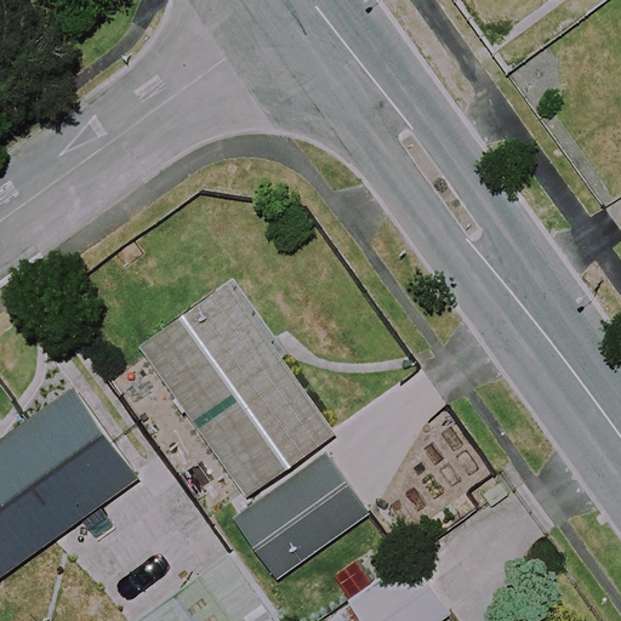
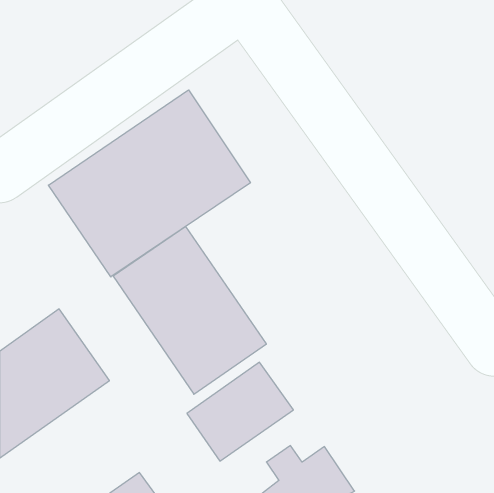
building: none -> [48,90,250,277]

